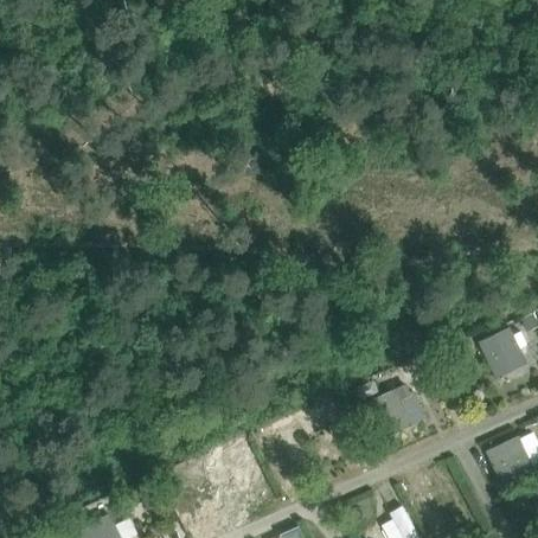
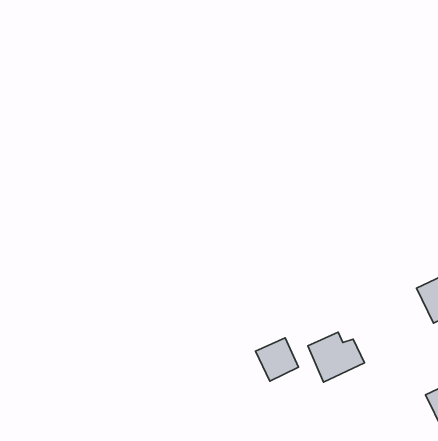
building: none -> [256,338,299,381]

